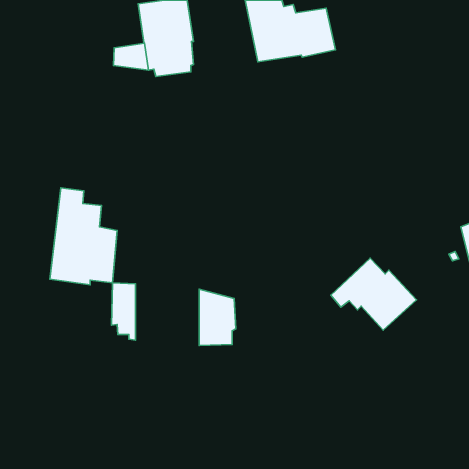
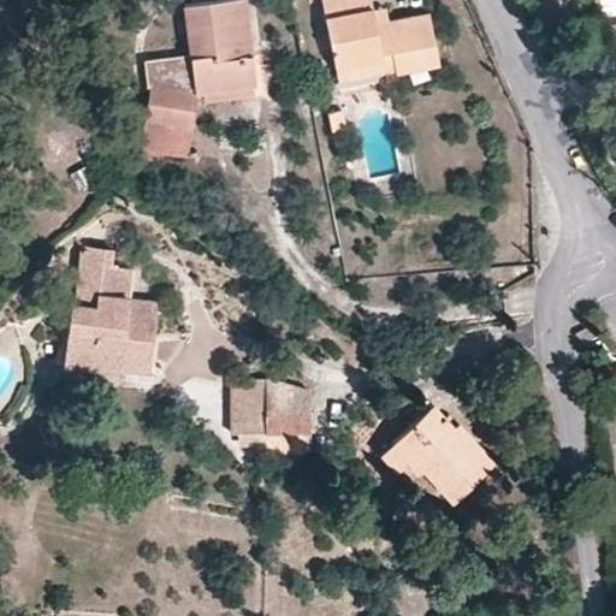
building: none -> [141,88,196,158]
building: [331,258,416,330] -> [383,407,494,500]
building: [111,283,135,340] -> [231,379,262,454]

